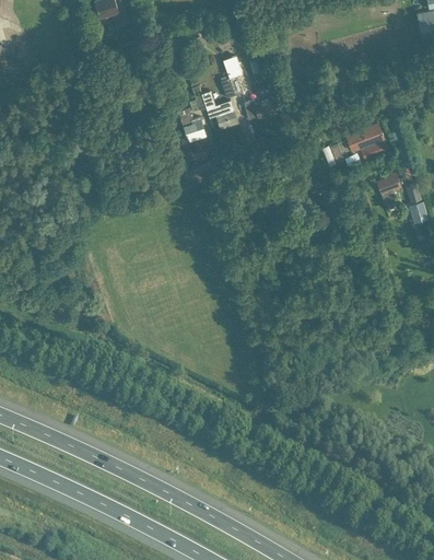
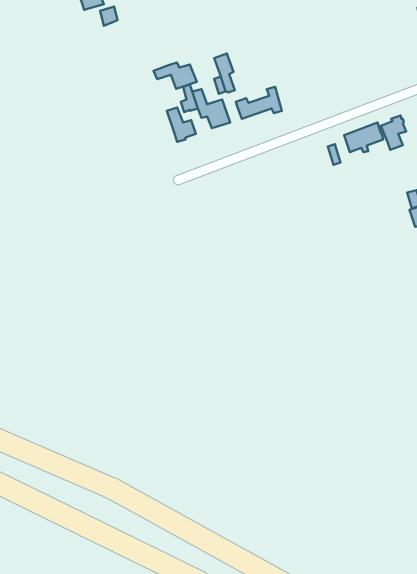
building: none -> [153,62,197,89]
building: [377,173,401,206] -> [381,115,406,150]

